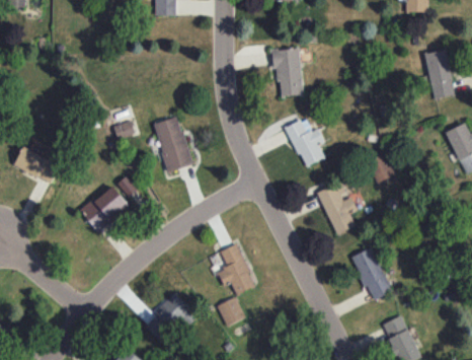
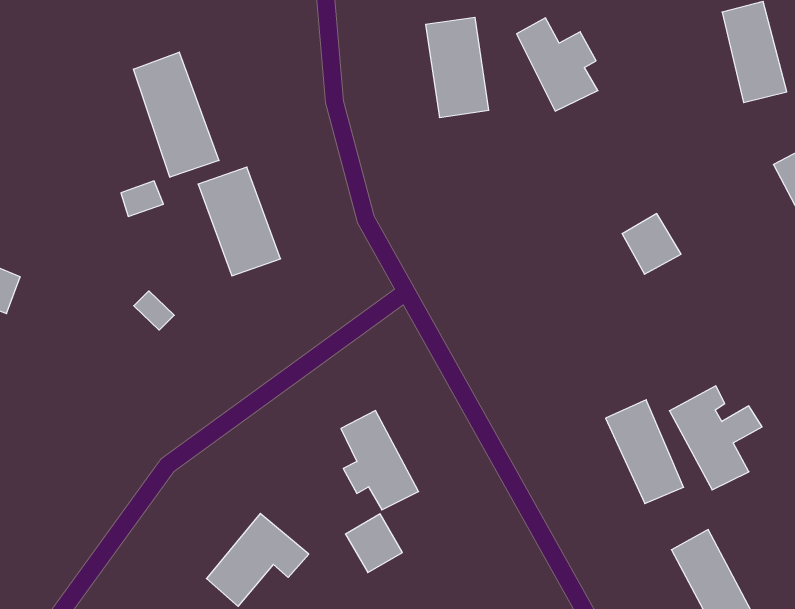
building: none -> [133,52,219,177]
building: [286,120,325,167] -> [517,18,598,111]
building: [317,182,364,234] -> [669,386,762,490]
building: [80,185,129,231] -> none

